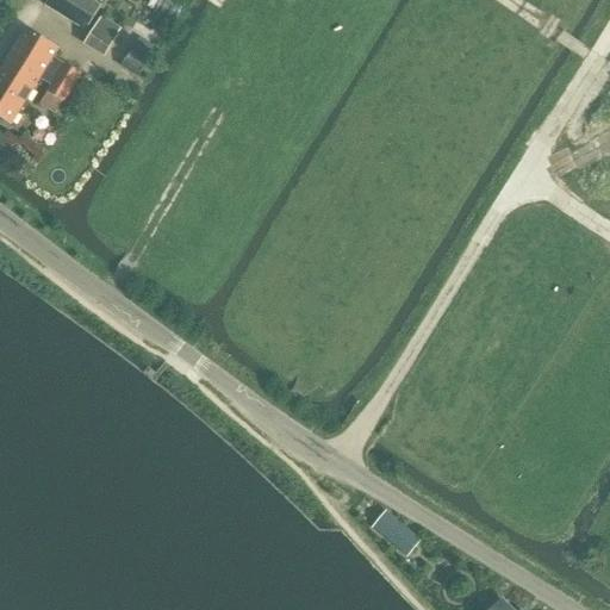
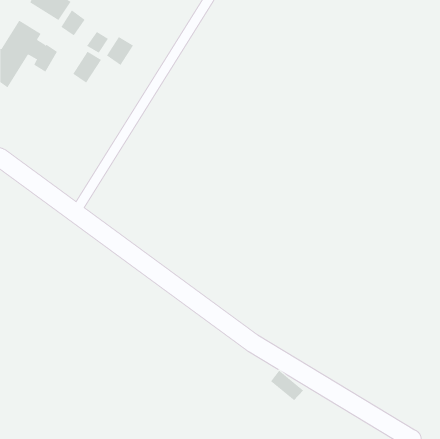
building: none -> [106,36,134,66]
building: none -> [72,51,102,83]

